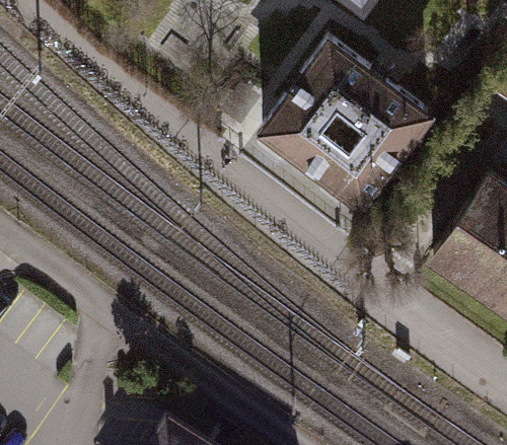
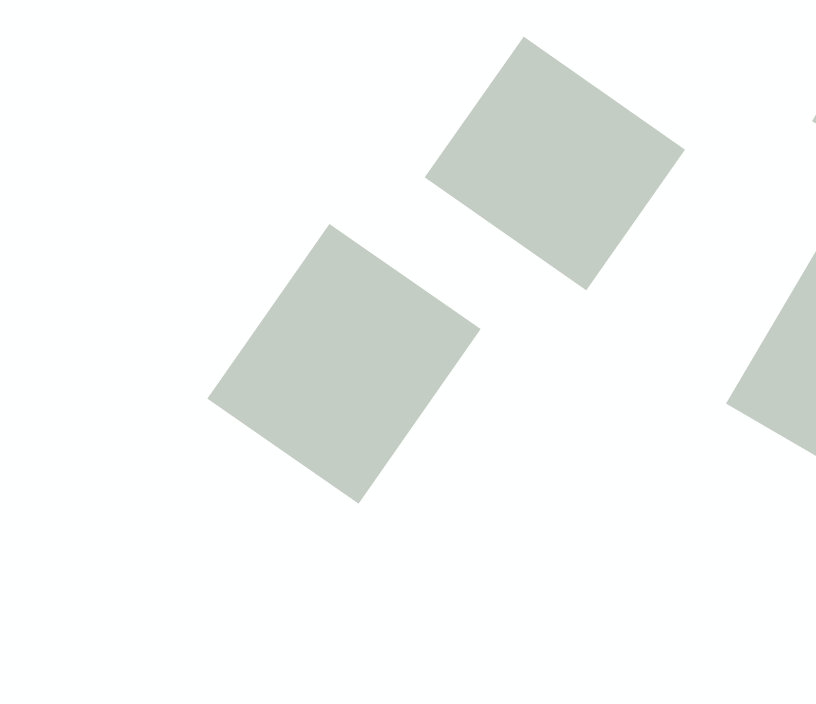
building: none -> [206,223,482,505]

